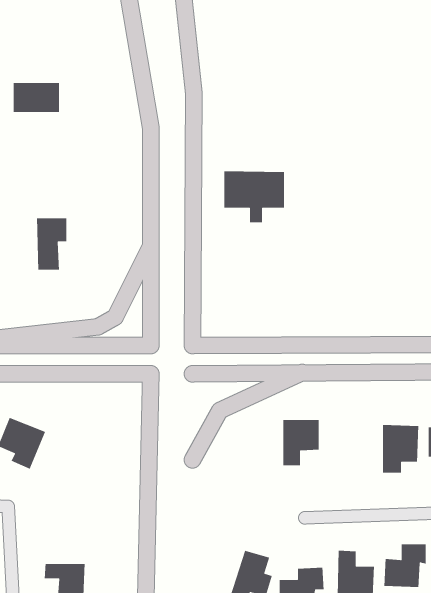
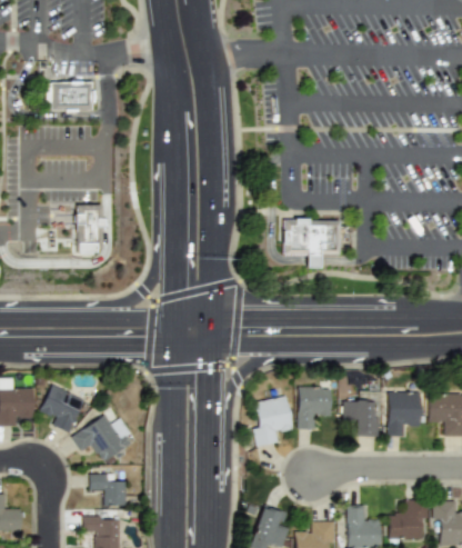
building: [223,170,285,223] -> [284,222,340,270]
building: none -> [253,396,293,446]
building: none -> [343,400,379,436]
building: none -> [72,415,134,461]
building: none -> [90,474,127,505]

